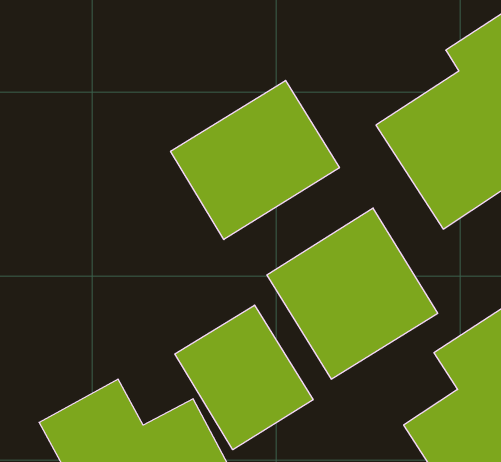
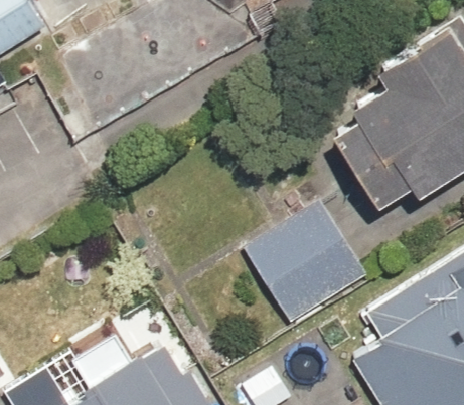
building: [171,80,339,240] -> none
building: [175,305,313,450] -> none

